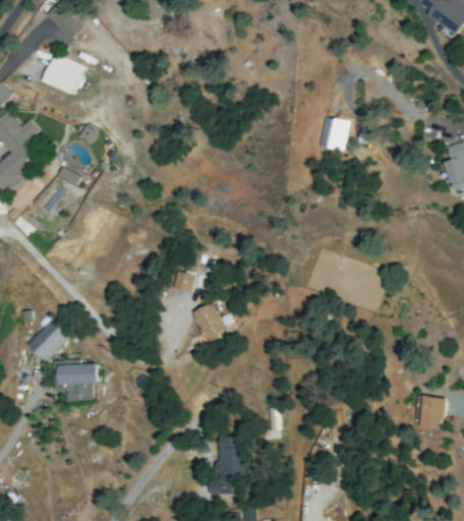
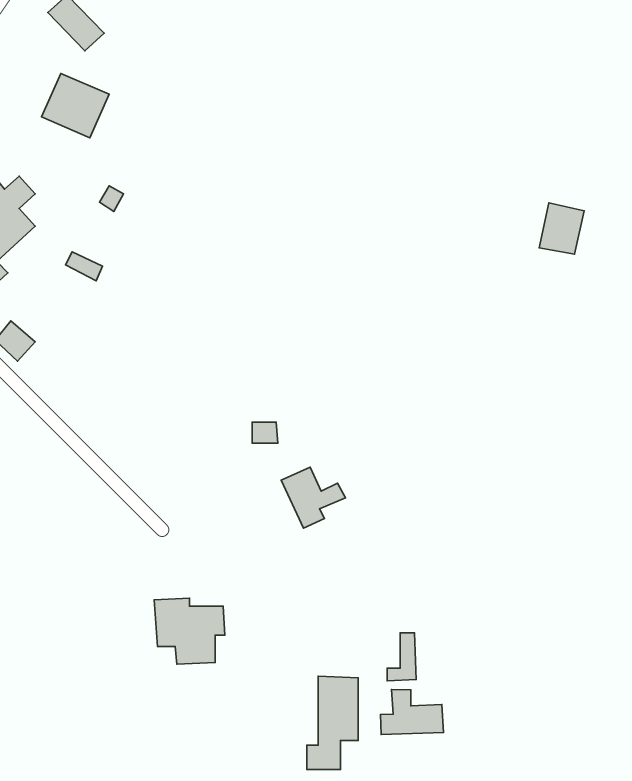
building: [321,117,349,150] -> [539,203,584,254]
building: [28,312,71,361] -> none
building: [54,359,99,401] -> [154,598,225,664]
building: none -> [381,690,443,735]

